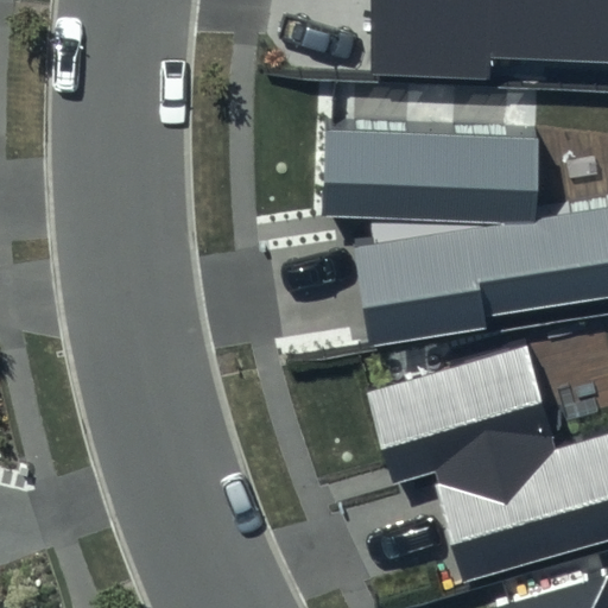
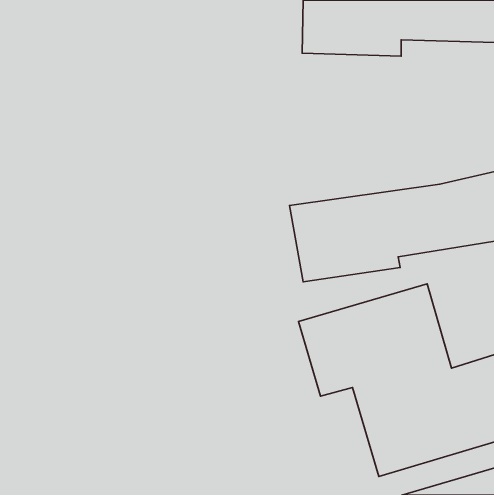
building: [325,125,540,221] -> none

